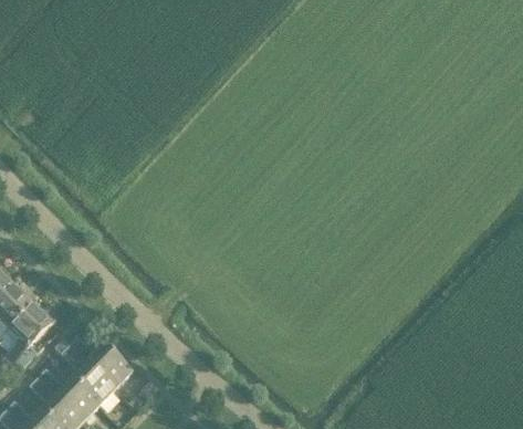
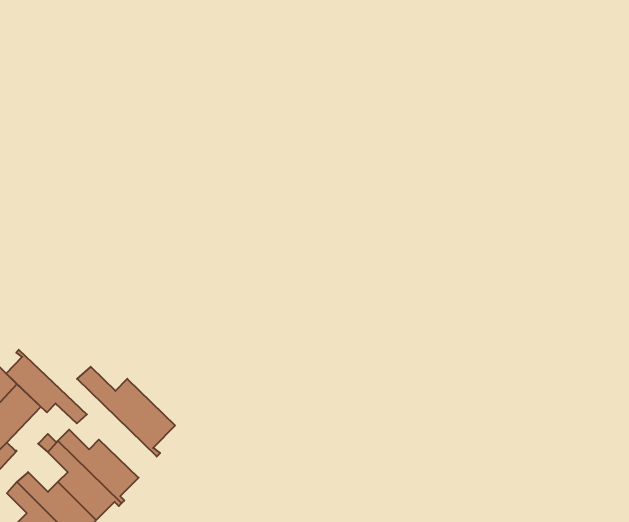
building: none -> [6,350,87,423]
building: none -> [77,367,175,457]

